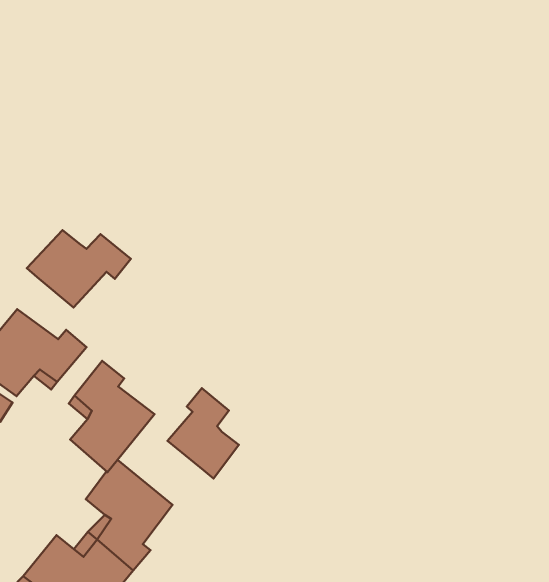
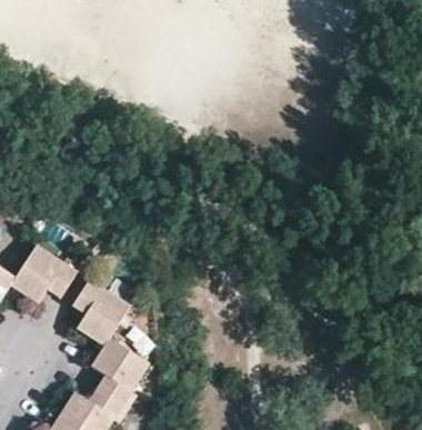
building: [27,230,131,307] -> none
building: [167,388,239,478] -> none

